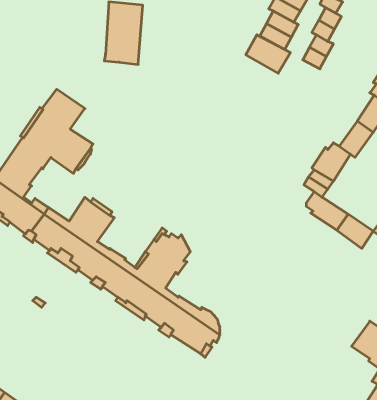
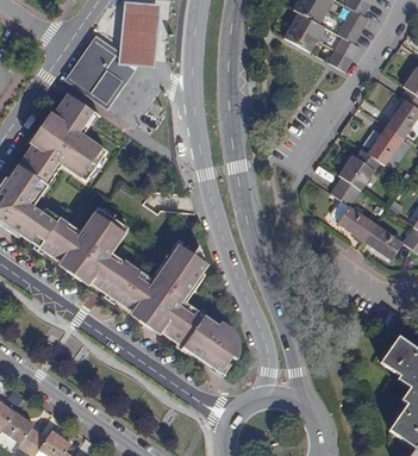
building: [246,35,290,73] -> none
building: none -> [70,43,135,106]

